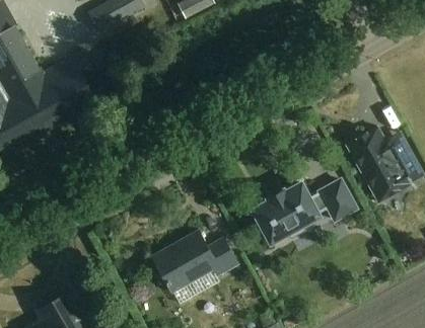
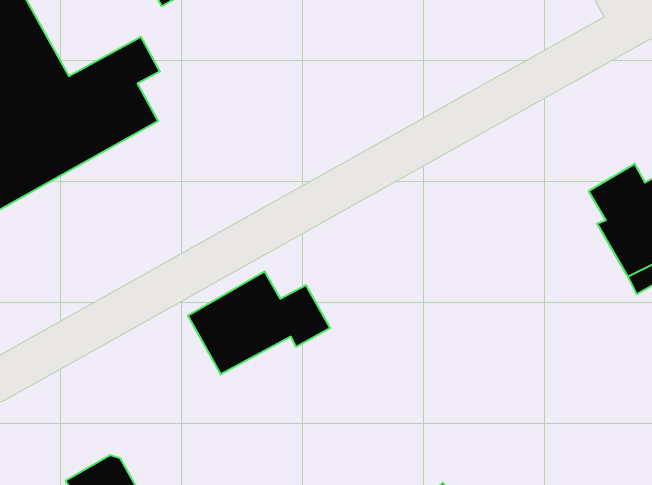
building: [254,179,356,241] -> none
building: [153,230,237,291] -> [188,271,330,374]

